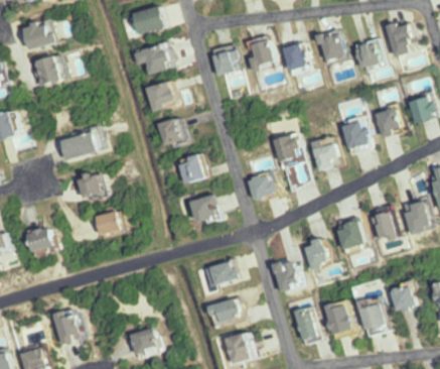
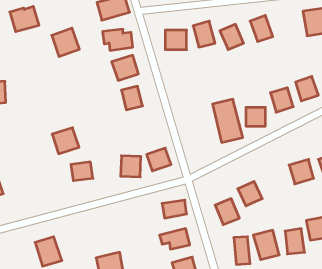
building: [353,38,385,71] -> none
building: [29,53,63,89] -> [52,28,79,57]
building: [57,131,102,162] -> none
building: [179,156,204,182] -> [121,156,141,177]
building: [244,173,278,202] -> none
building: [331,218,365,249] -> none
building: [23,228,55,252] -> none

